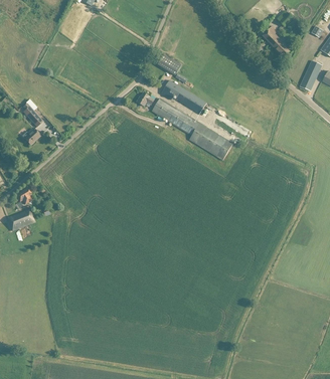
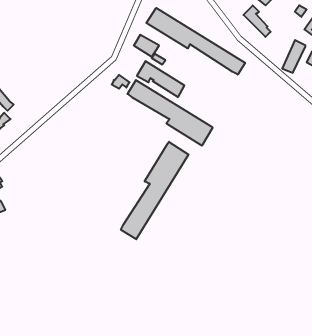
building: none -> [146,8,245,75]
building: none -> [121,142,188,239]

